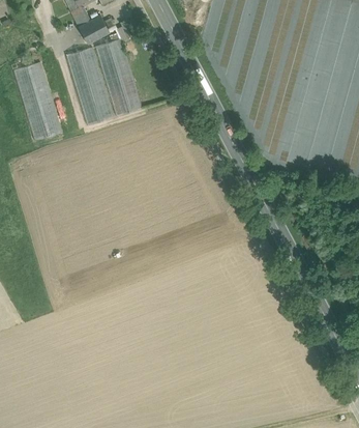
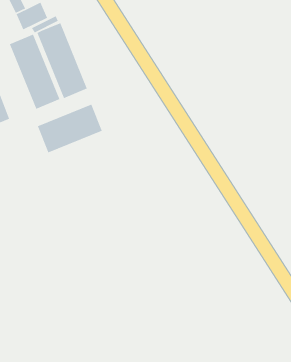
building: none -> [37,104,103,153]

